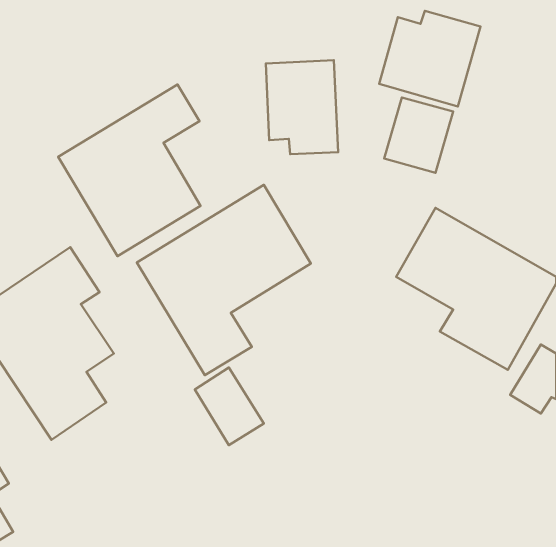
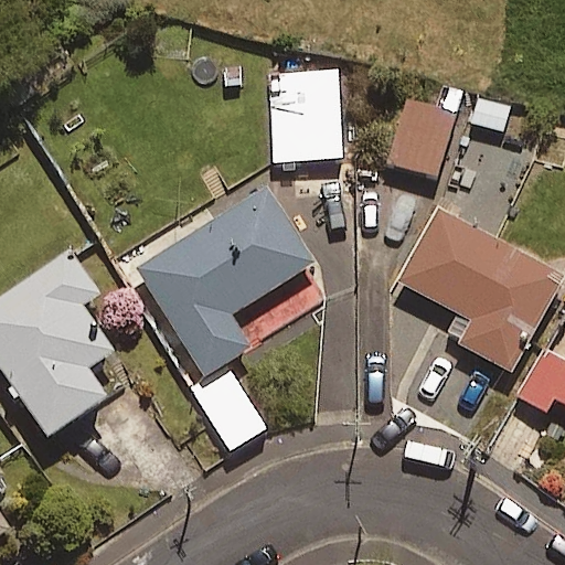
building: [379,11,481,106] -> none
building: [58,84,200,256] -> none

